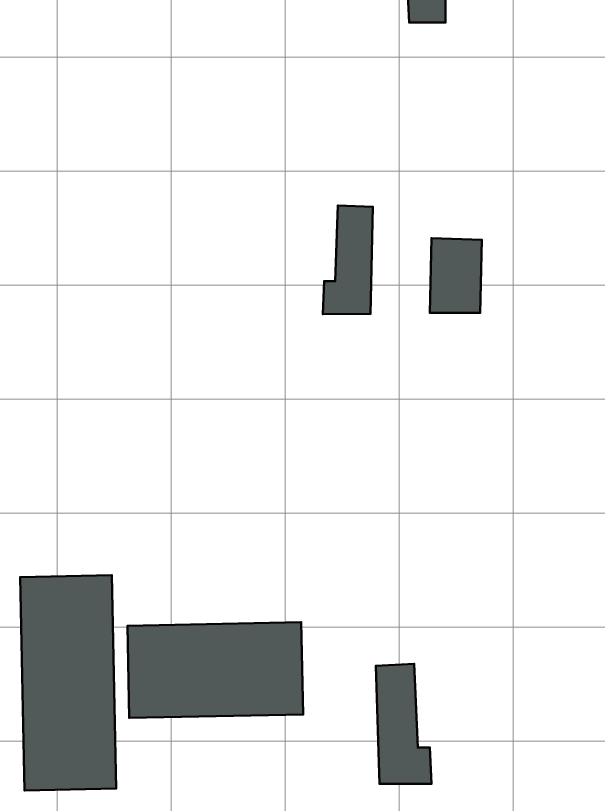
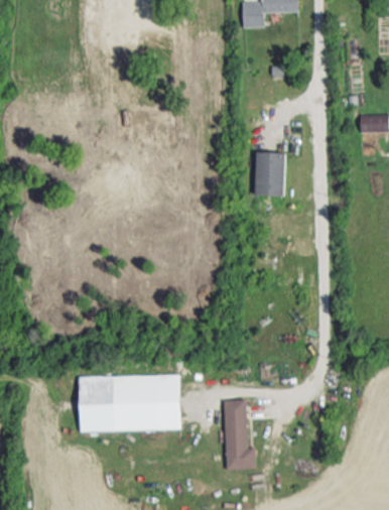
building: [323,205,373,314] -> none
building: [20,575,116,790] -> none

